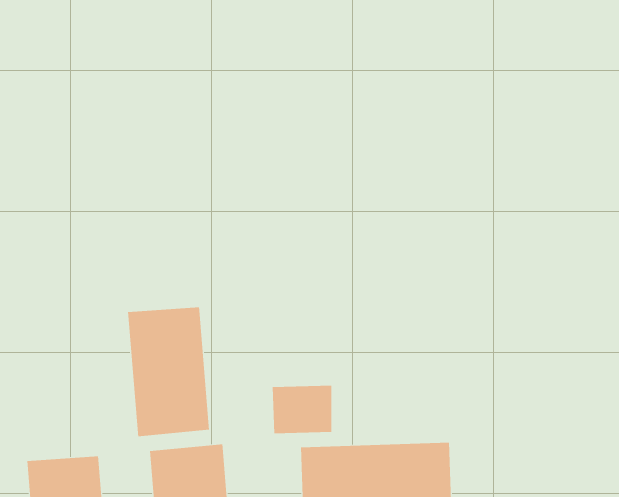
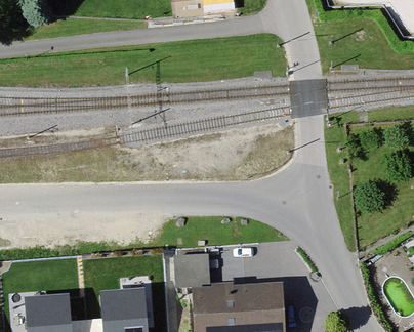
building: [128,307,209,437] -> none

